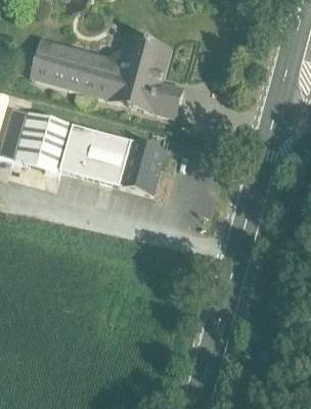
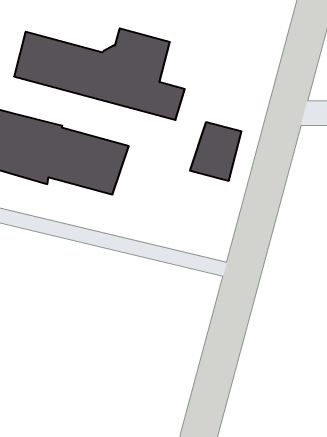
building: [119,141,165,193] -> [190,122,241,181]

